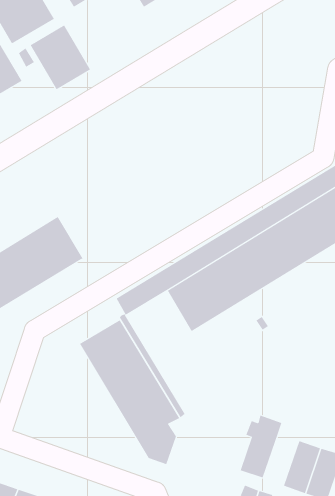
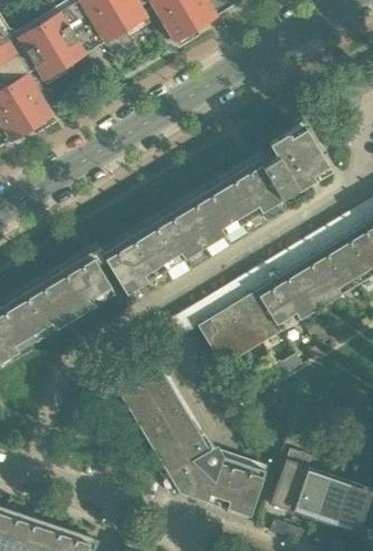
building: [30,24,91,90] -> none
building: none -> [102,128,331,293]
building: none -> [198,456,267,517]
building: none -> [294,467,330,520]

